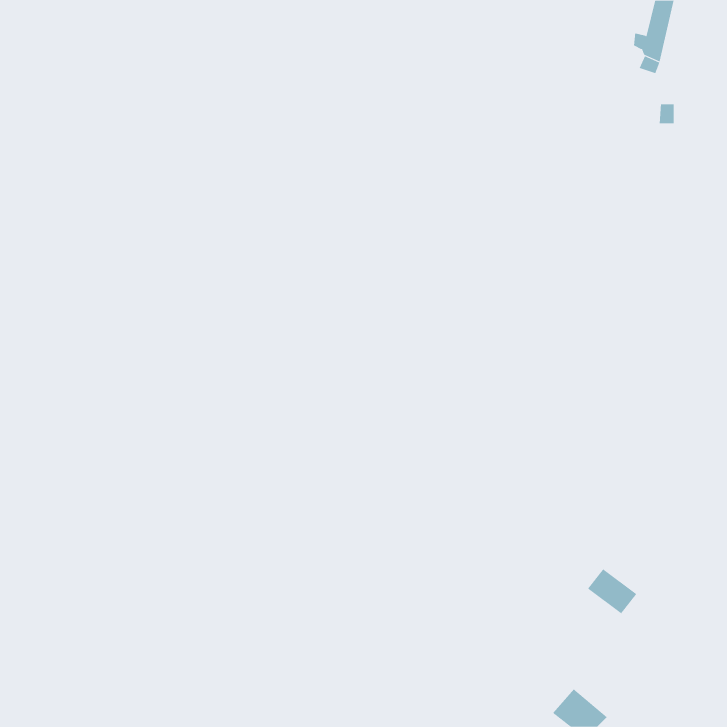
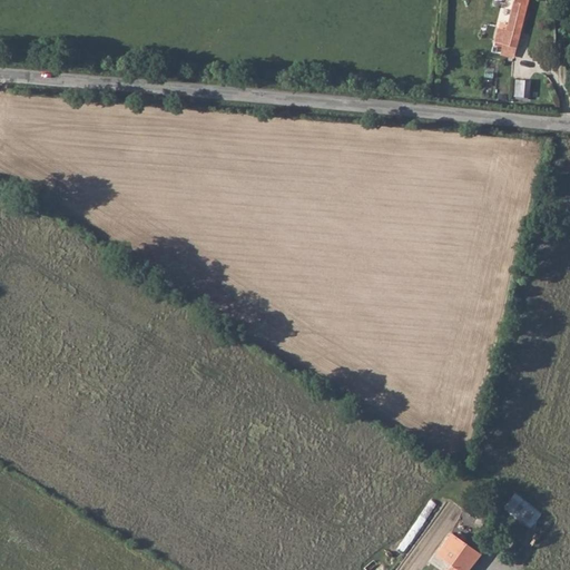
building: [587,569,637,614] -> [502,492,541,528]

